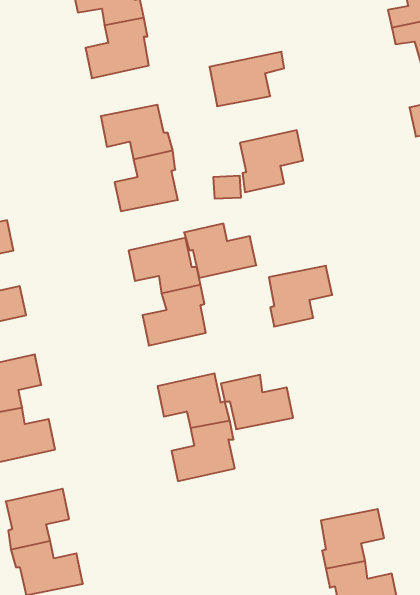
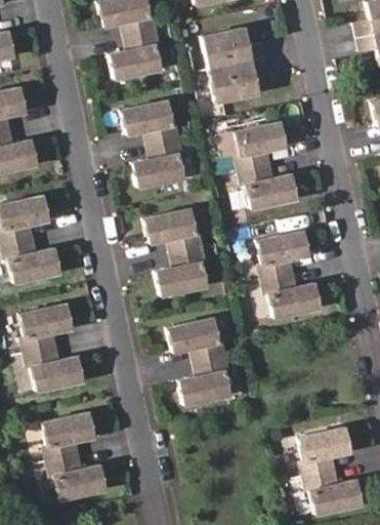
building: none -> [202,29,267,71]
building: [184,224,256,278] -> [238,165,296,209]
building: [221,375,293,429] -> [261,274,320,318]

